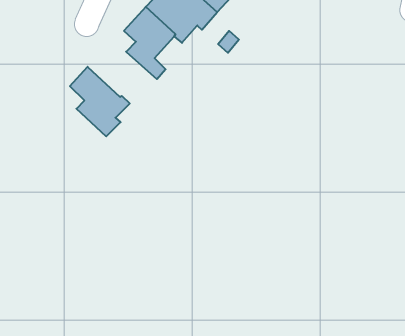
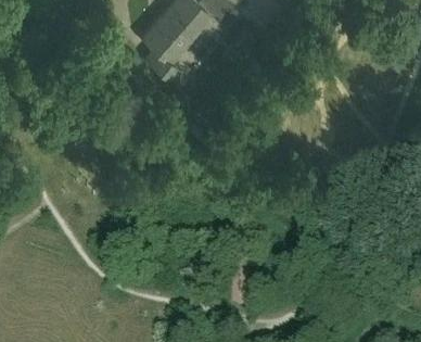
building: [70,67,130,136] -> none

